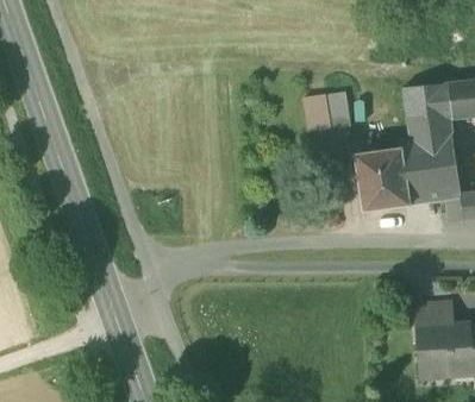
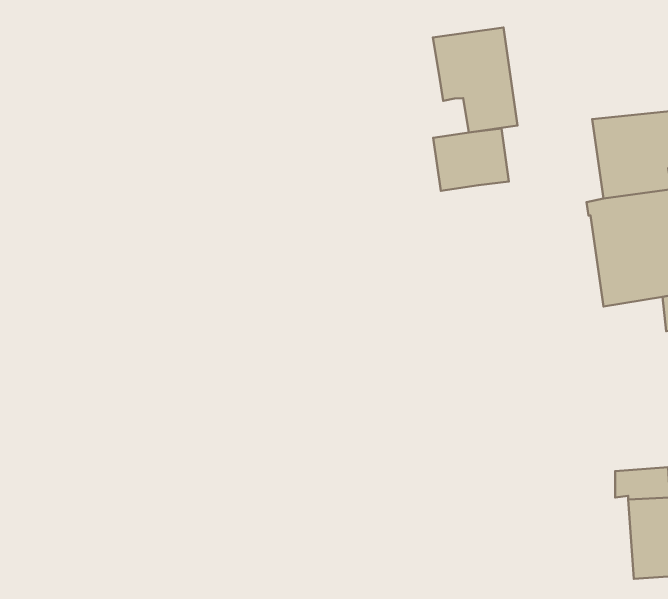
building: none -> [433,28,517,133]
building: [355,149,410,212] -> none

